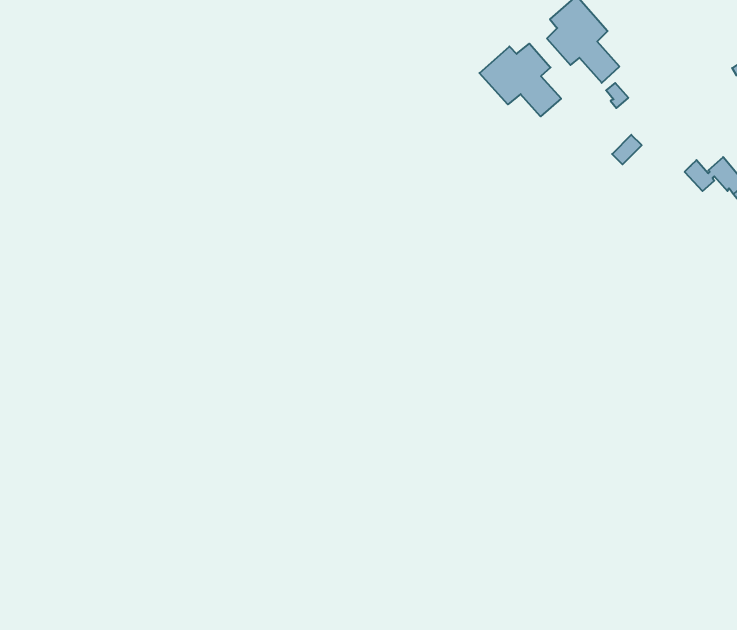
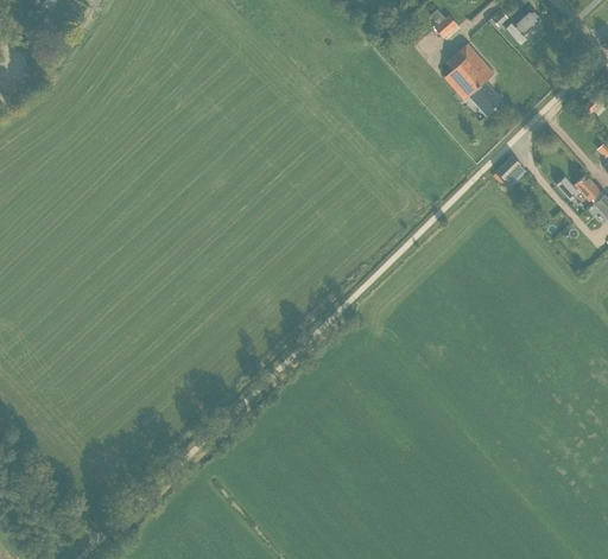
building: [479,44,561,116] -> none

